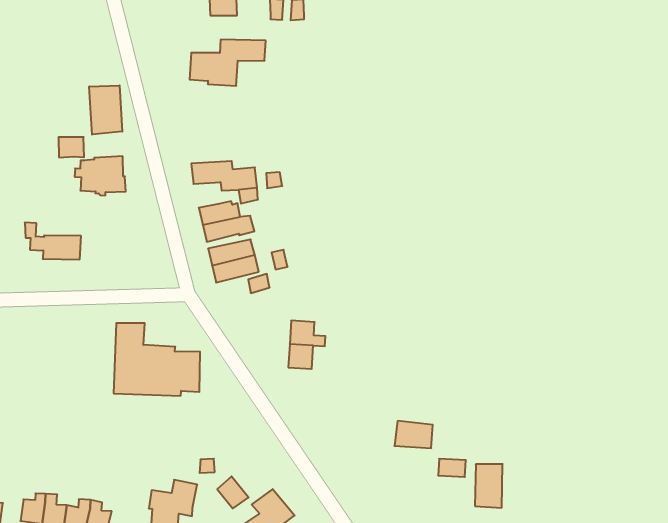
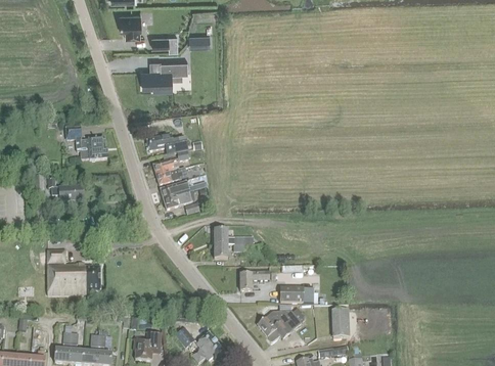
building: [89,85,122,135] -> none
building: [114,323,200,396] -> [48,250,101,294]
building: none -> [240,271,270,290]
building: none -> [258,310,302,341]

